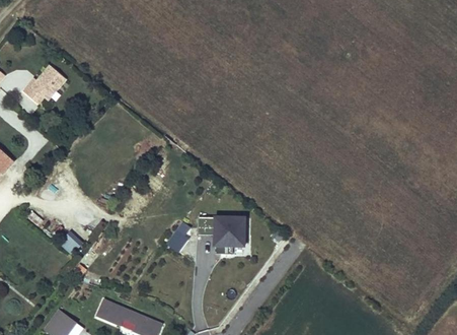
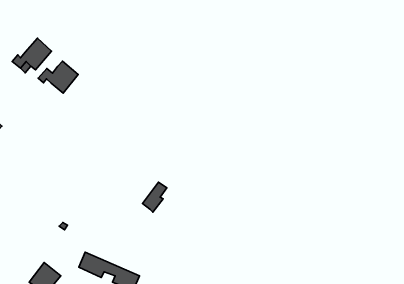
building: none -> [38,61,78,93]
building: [198,217,244,255] -> none

